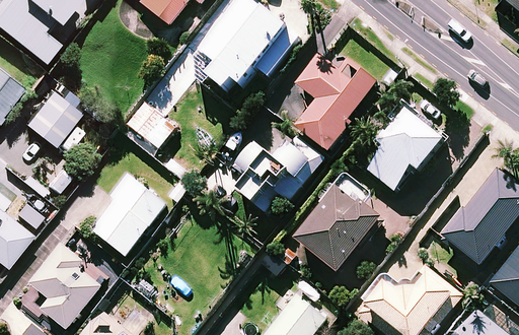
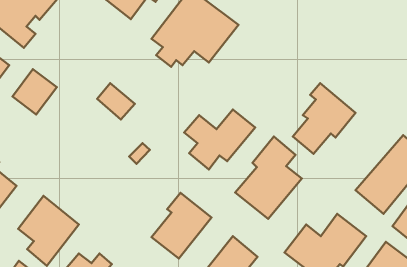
building: [294,55,377,151] -> none
building: [92,175,166,256] -> [152,193,212,259]

